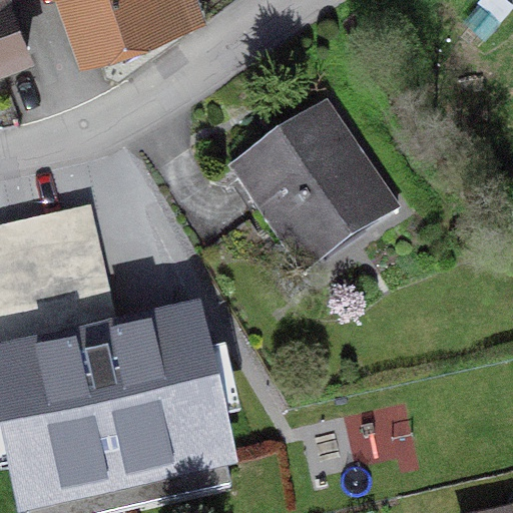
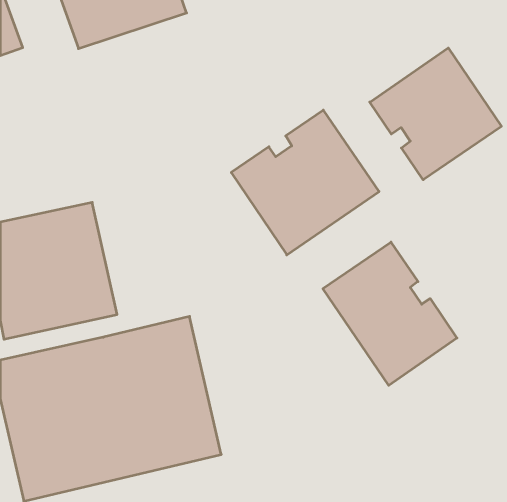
building: none -> [370,48,501,180]
building: none -> [323,242,457,385]

